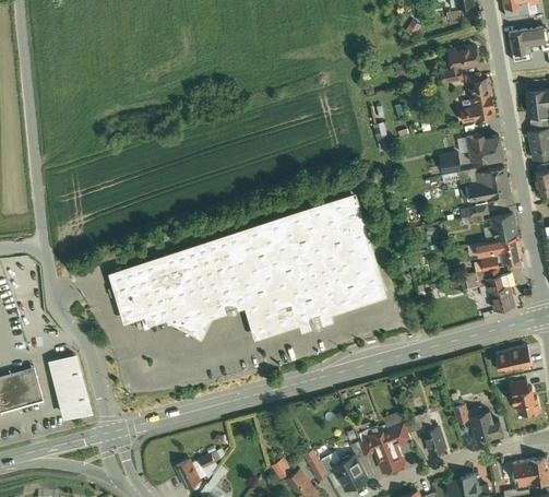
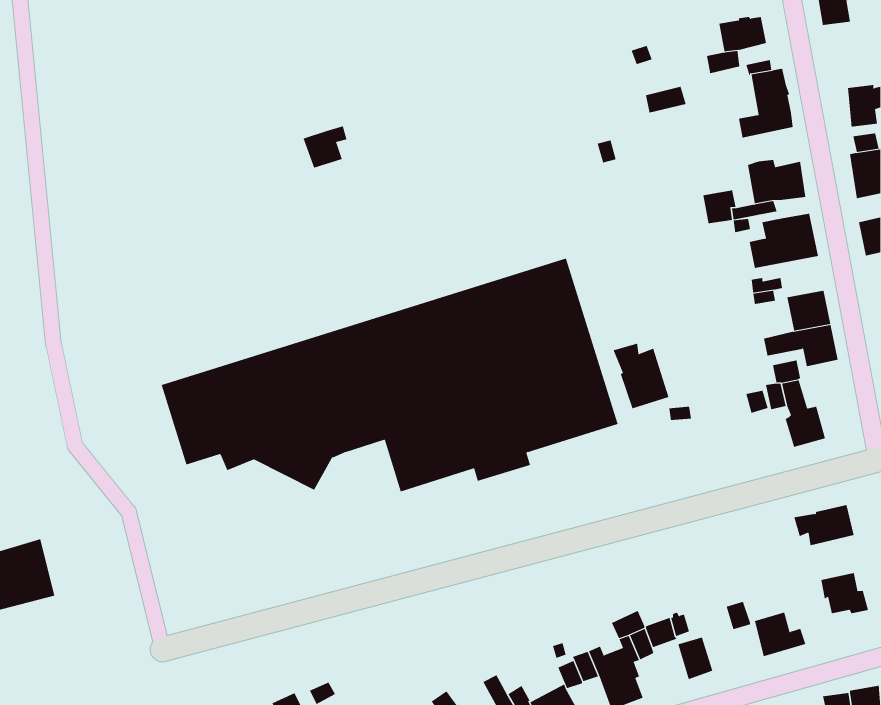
building: none -> [303,125,347,169]
building: none -> [613,343,669,409]
building: [48,353,93,418] -> none

